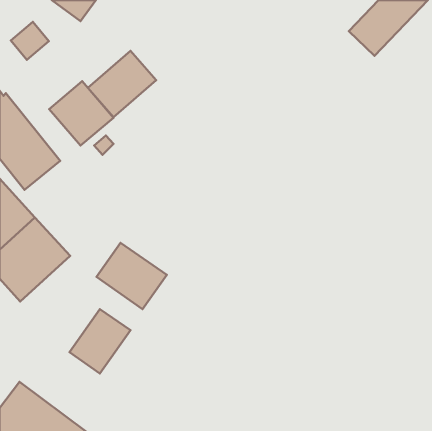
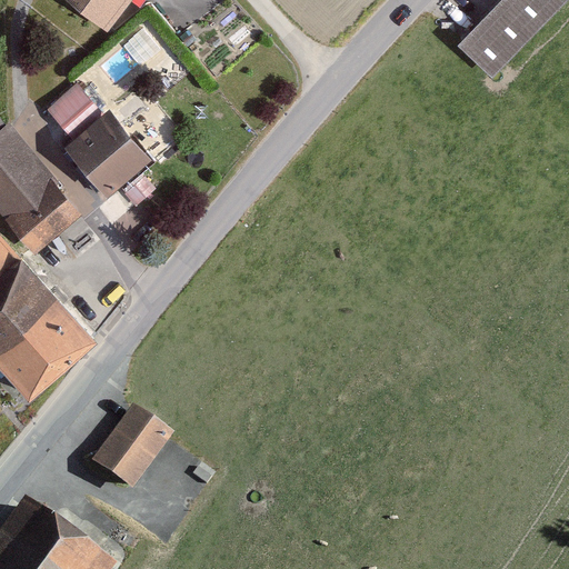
building: [11,22,49,60] -> [47,84,97,134]
building: [88,51,156,117] -> none
building: [96,243,167,309] -> none

